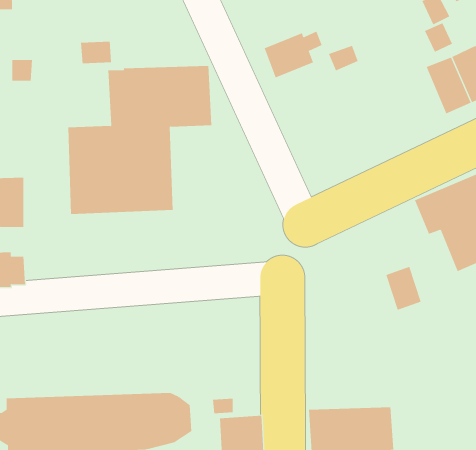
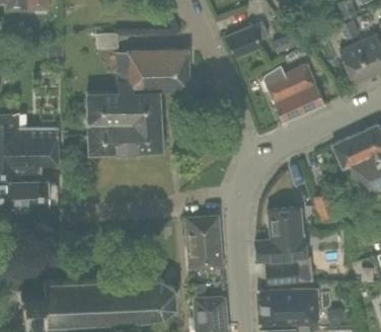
building: none -> [263,65,325,126]
building: none -> [254,205,308,284]
building: none -> [186,217,222,270]

